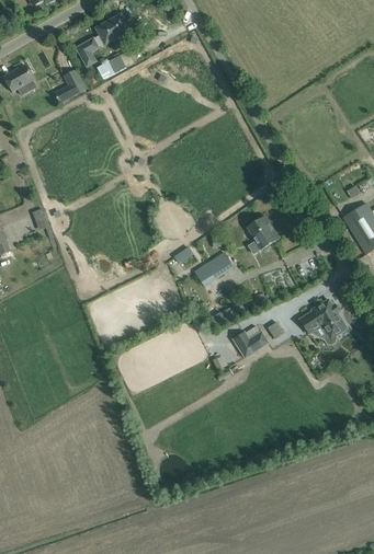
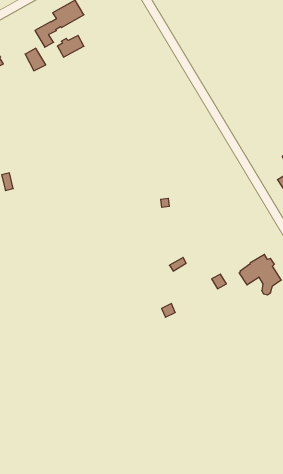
building: [248,215,280,253] -> none
building: [194,252,234,286] -> none
building: [234,331,269,357] -> none

